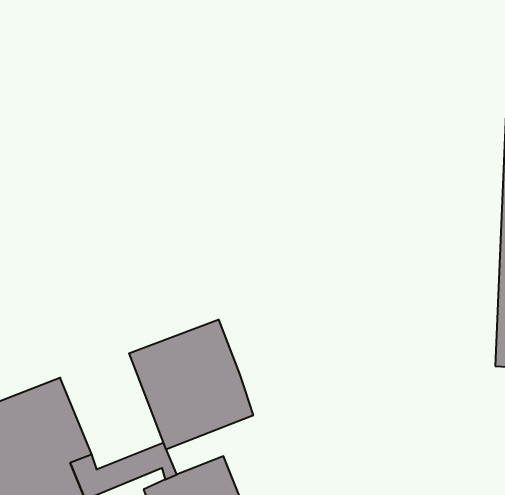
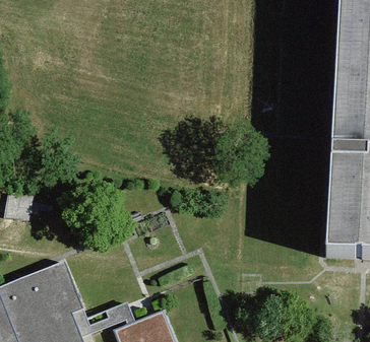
building: [129,320,253,449] -> none

